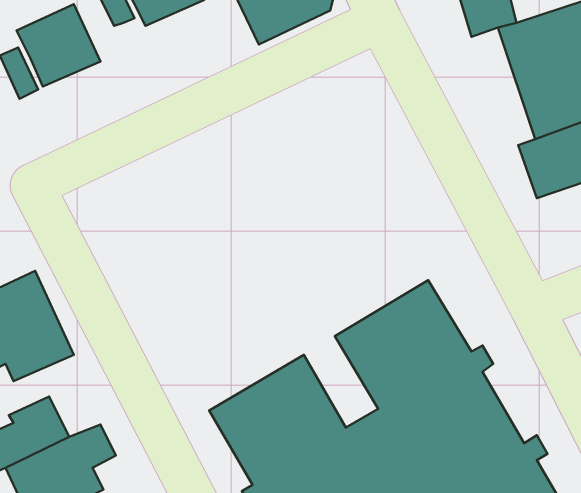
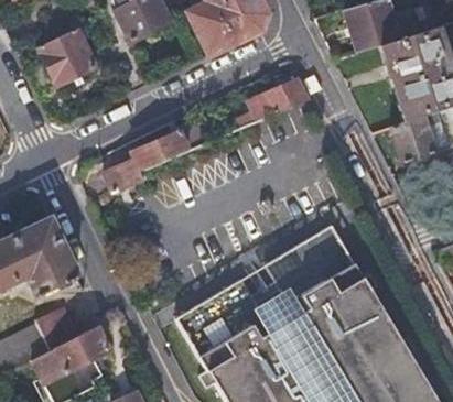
building: none -> [236,76,306,131]
building: none -> [106,130,192,191]

